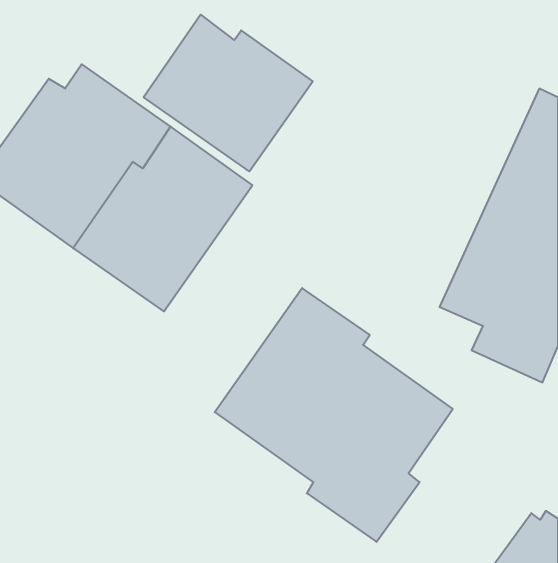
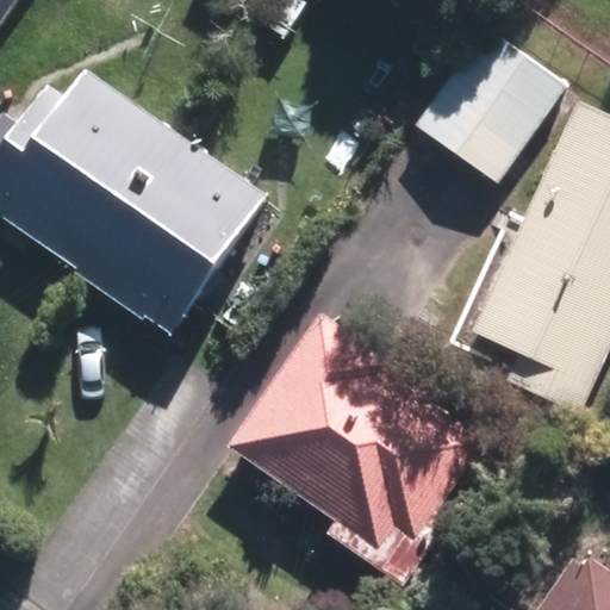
building: [144,15,313,171] -> none
building: none -> [415,29,567,183]

